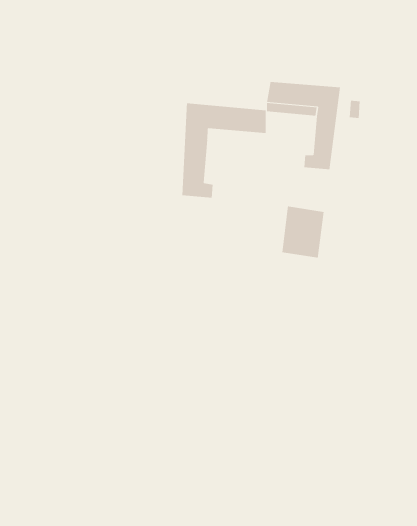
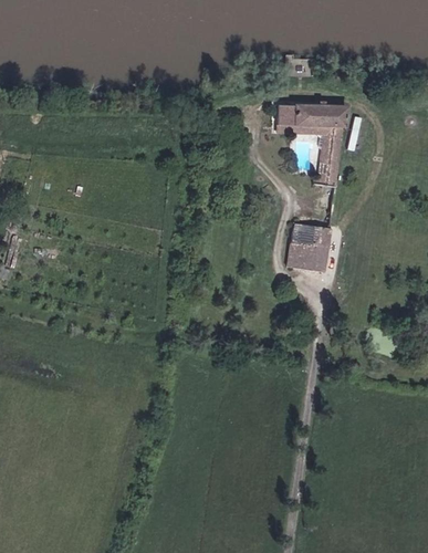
building: [182,103,266,199] -> none

